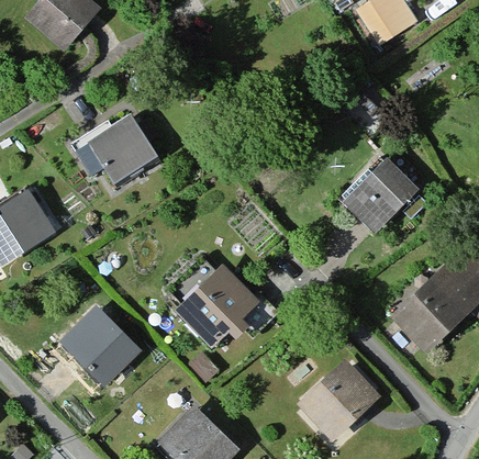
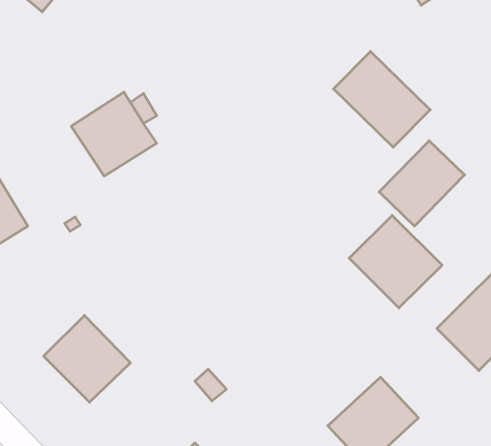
building: none -> [333,51,430,147]
building: none -> [349,215,442,308]
building: [175,259,276,342] -> none

